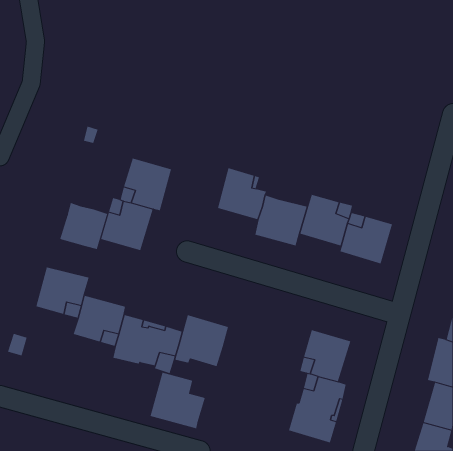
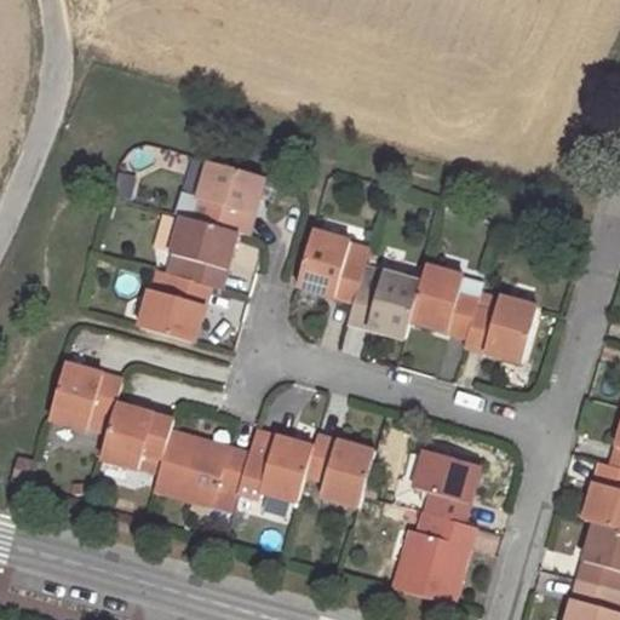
building: none -> [172,160,263,235]
building: [59,202,108,250] -> none
building: none -> [305,435,373,505]
building: [150,372,206,429] -> none

